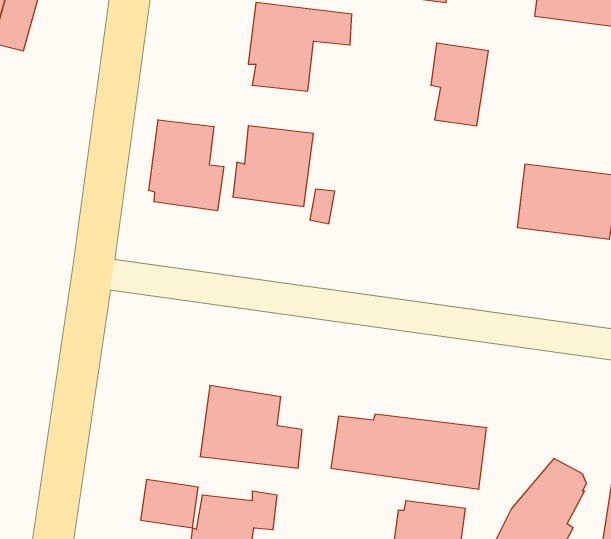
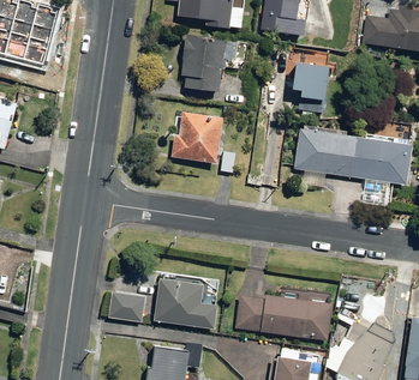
building: [149,120,224,211] -> none
building: none -> [295,131,355,177]
building: [141,480,198,528] -> [108,291,144,321]

